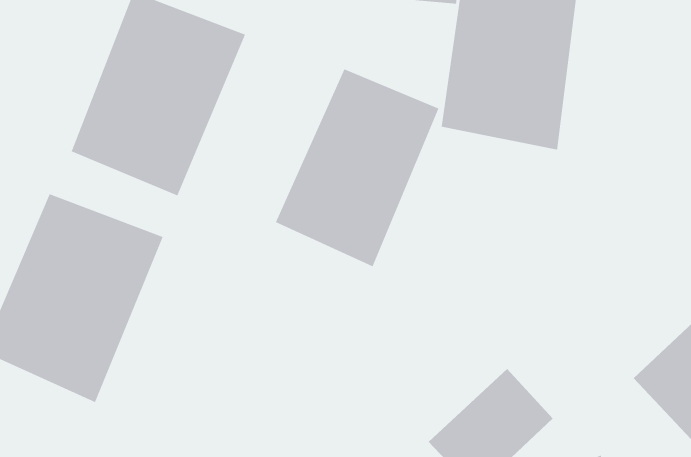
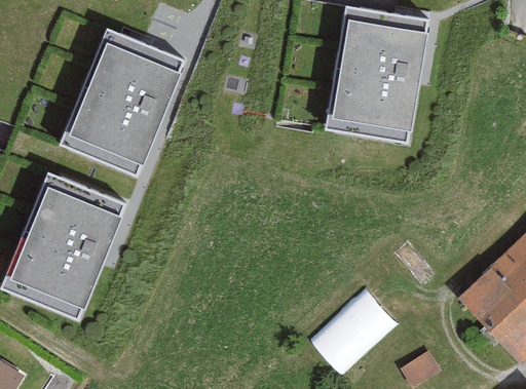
building: [275,68,439,267] -> none

